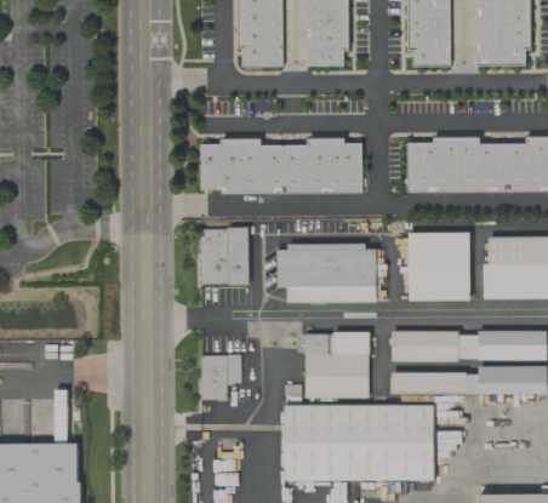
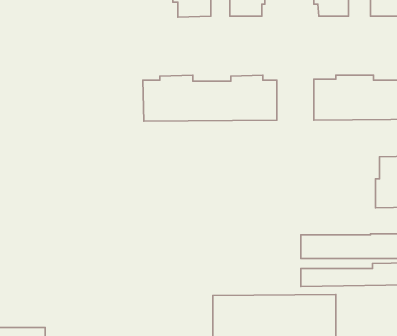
building: [198,228,249,286] -> none
building: [406,233,469,301] -> none
building: [275,244,376,303] -> none
building: [303,333,367,399] -> none
building: [199,355,239,400] -> none

